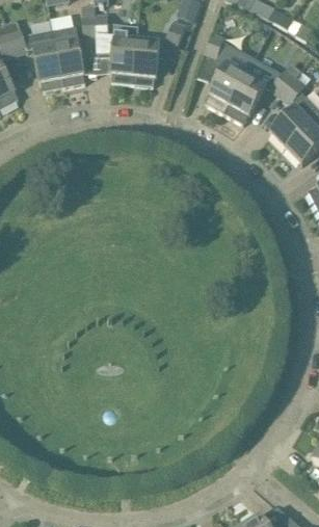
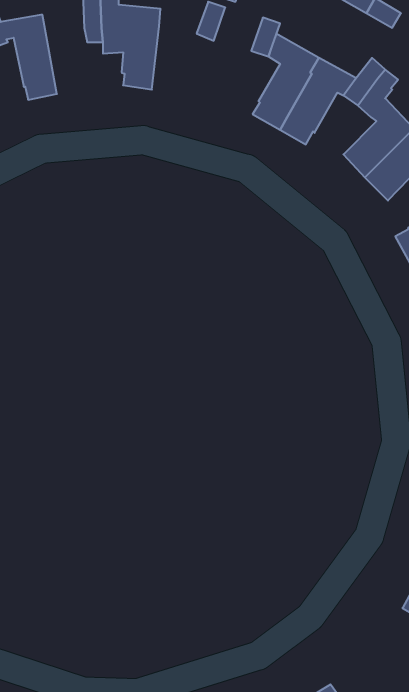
building: [53,26,85,87] -> none
building: [132,38,160,86] -> none

